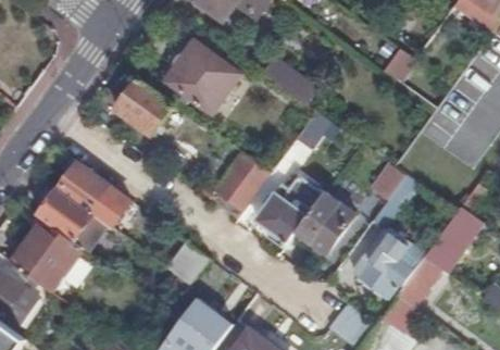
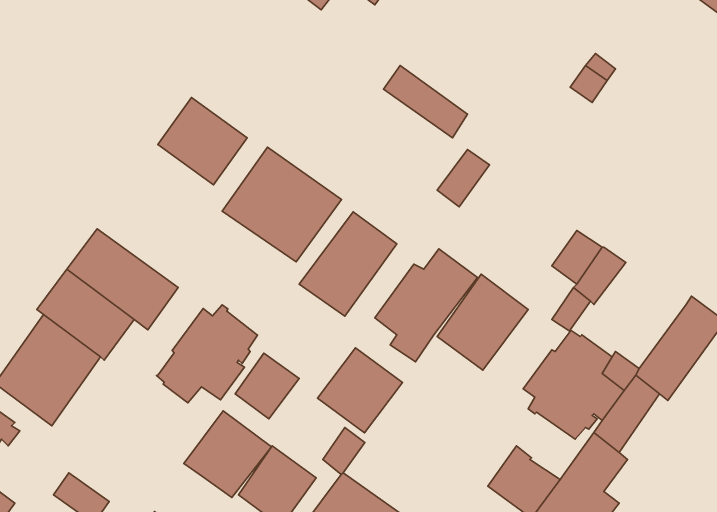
building: [163,40,240,114] -> [222,147,342,262]
building: none -> [157,305,257,403]
building: none -> [318,348,402,433]
building: none -> [184,411,272,498]

